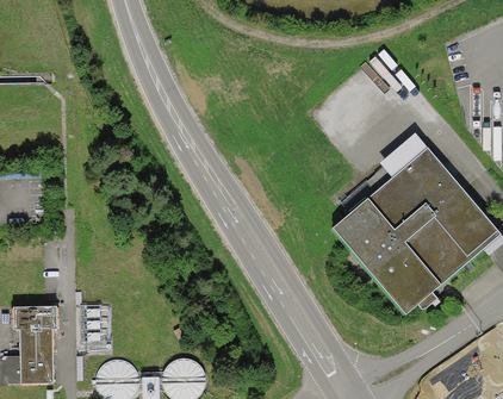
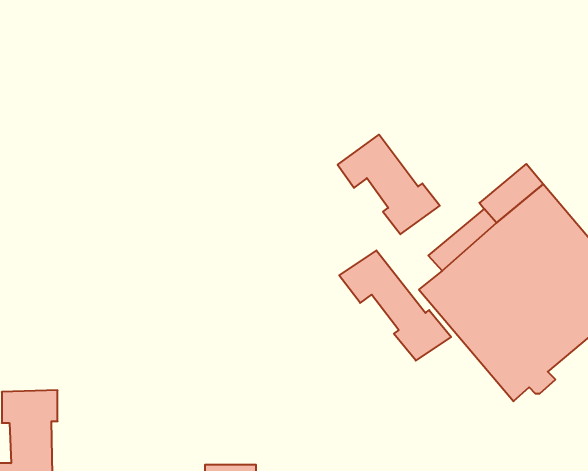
building: none -> [338,135,440,234]
building: none -> [339,250,451,361]

